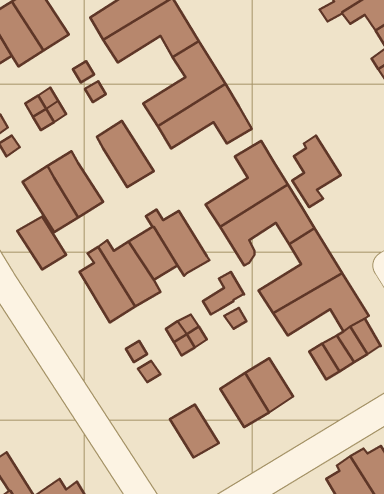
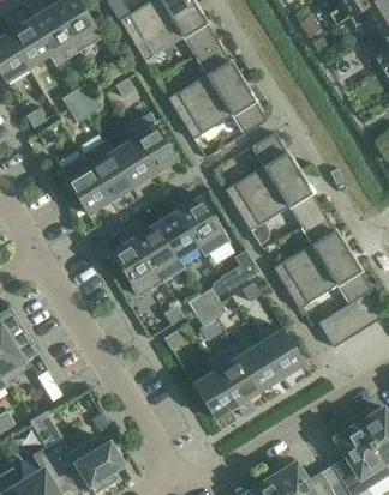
building: [292,136,341,207] -> none
building: [17,216,66,269] -> [109,139,154,187]
building: none -> [209,345,259,416]

